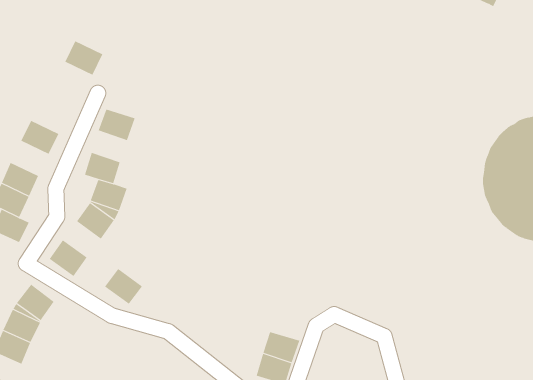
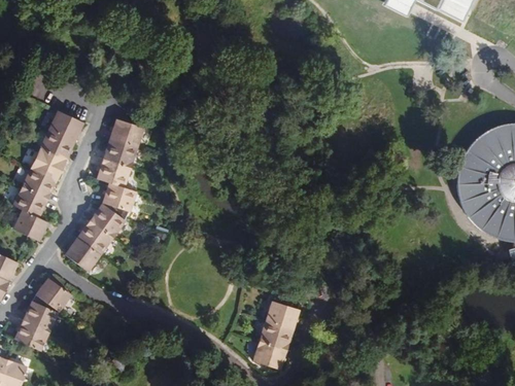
building: [65,40,103,76] -> [48,109,83,141]
building: none -> [103,138,136,167]
building: none -> [30,147,65,179]
building: [104,268,143,305] -> [77,220,112,253]
building: none -> [265,300,299,328]

